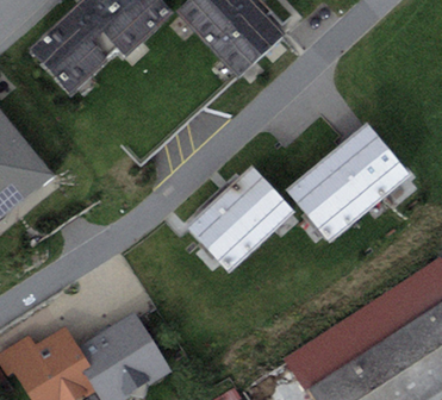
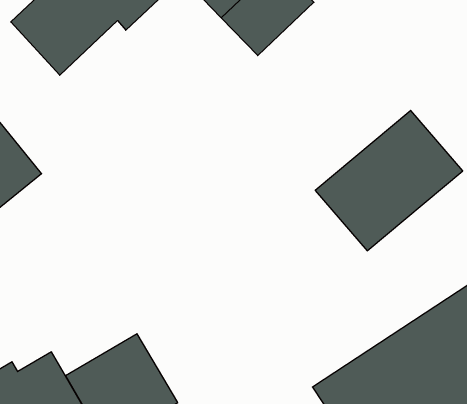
building: [188,167,297,274] -> none

